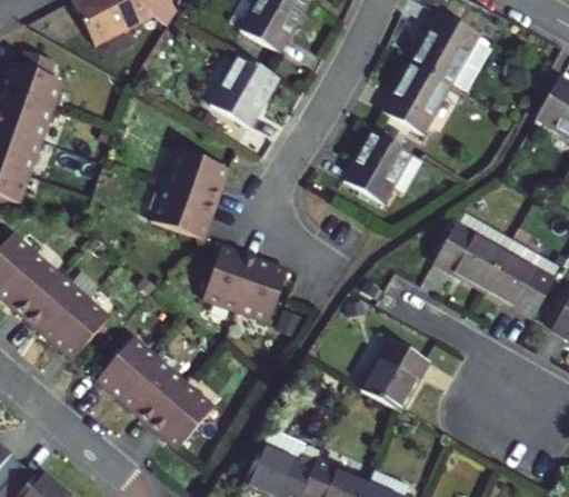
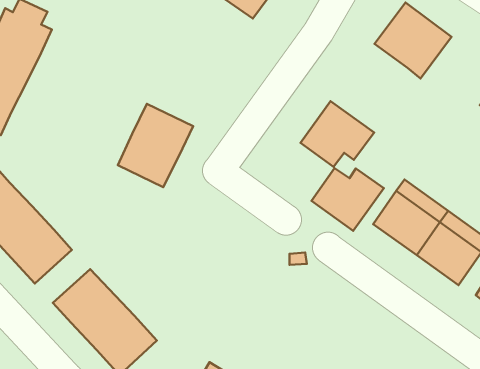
building: [211,53,278,125] -> none
building: [387,62,453,131] -> none
building: none -> [311,168,384,231]
building: [201,250,286,327] -> none
building: [361,338,429,409] -> none

